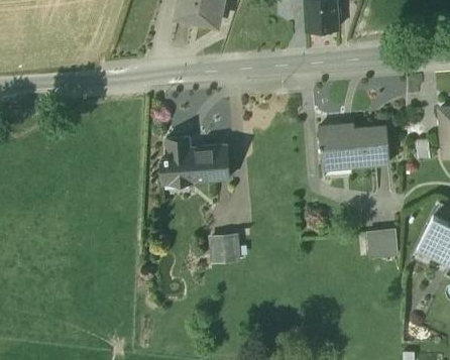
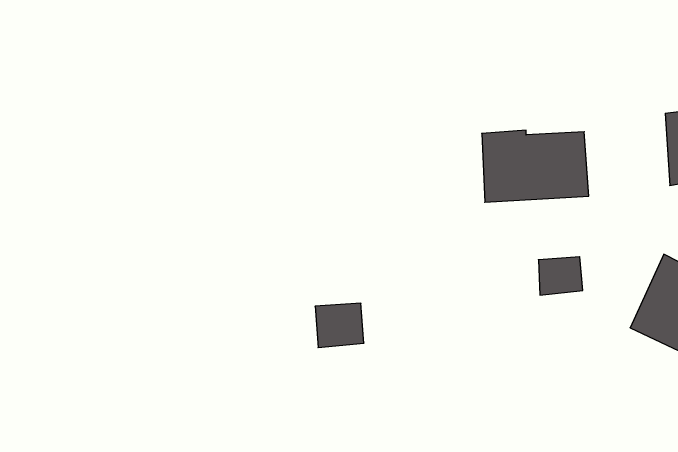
building: [159,138,228,184] -> none
building: [367,233,397,258] -> [538,257,583,295]

